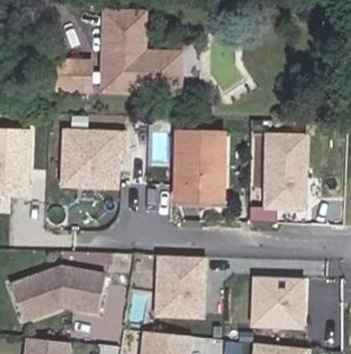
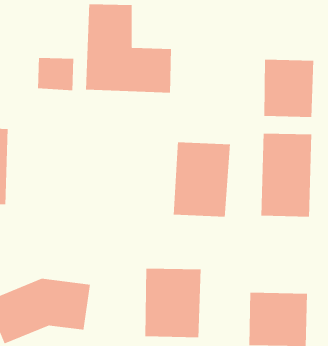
building: none -> [264,59,314,118]
building: [59,127,119,186] -> none

